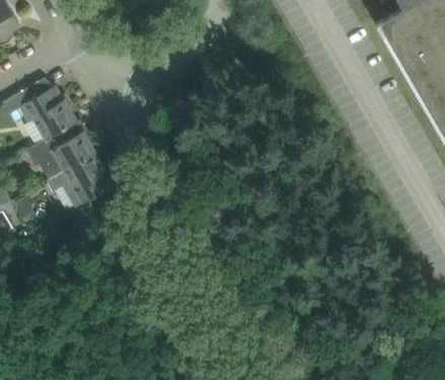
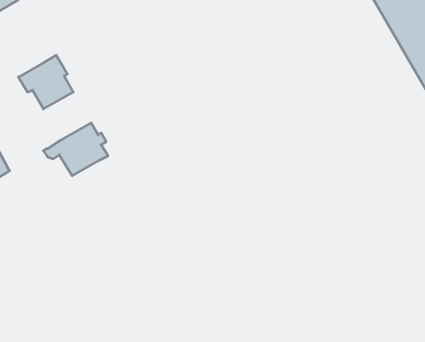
building: [26,126,94,179] -> none

